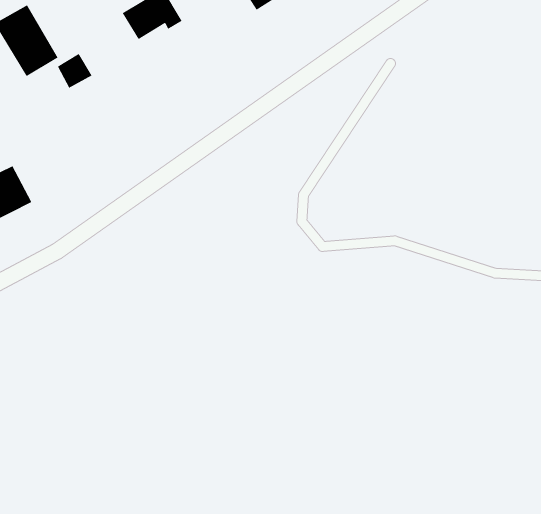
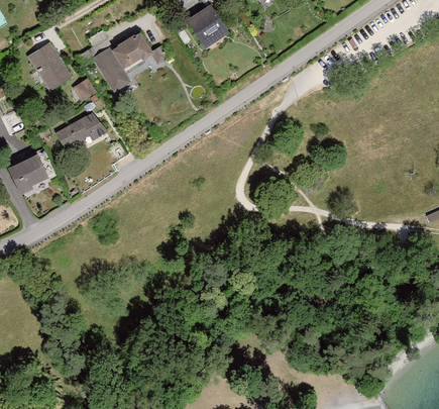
building: none -> [92,48,129,92]
building: none -> [54,115,108,152]

